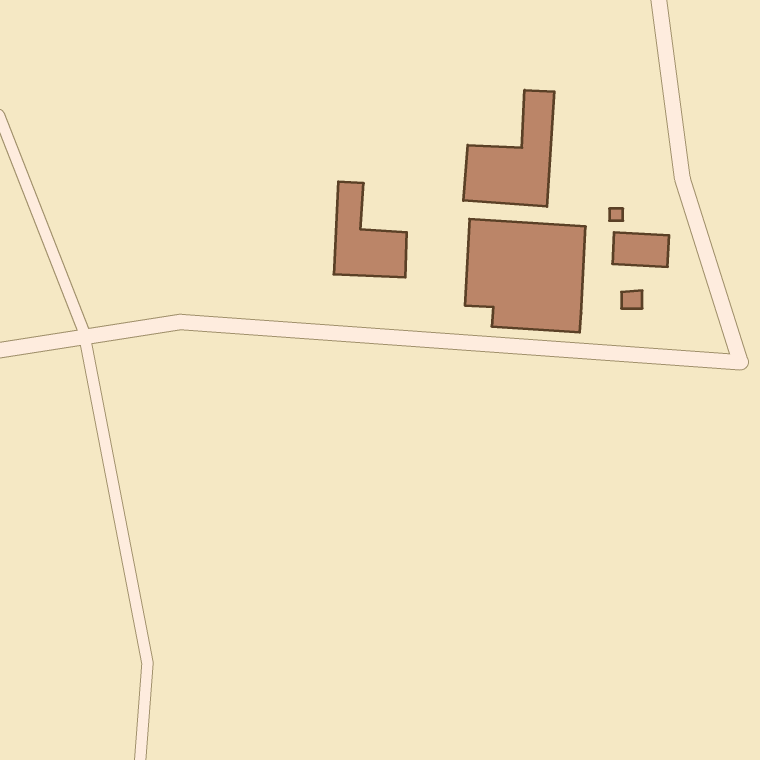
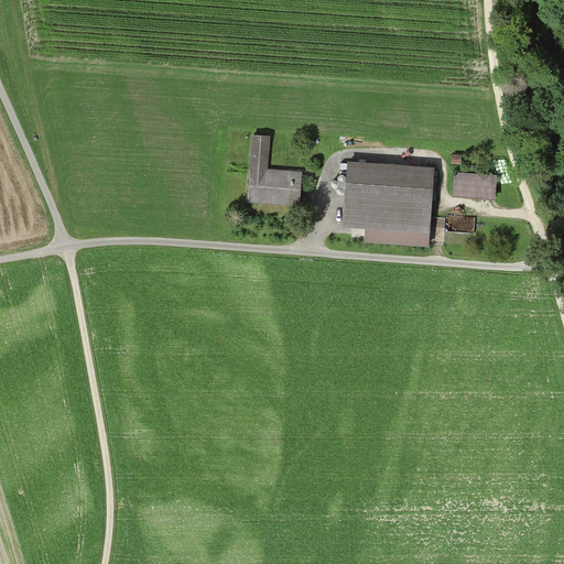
building: [463,90,554,207] -> none

